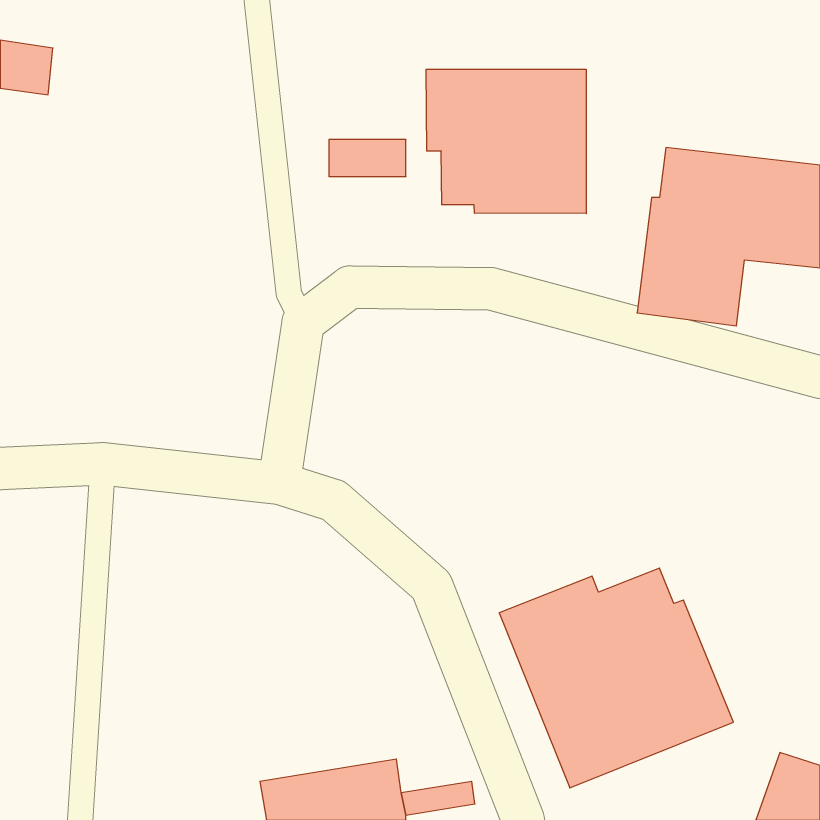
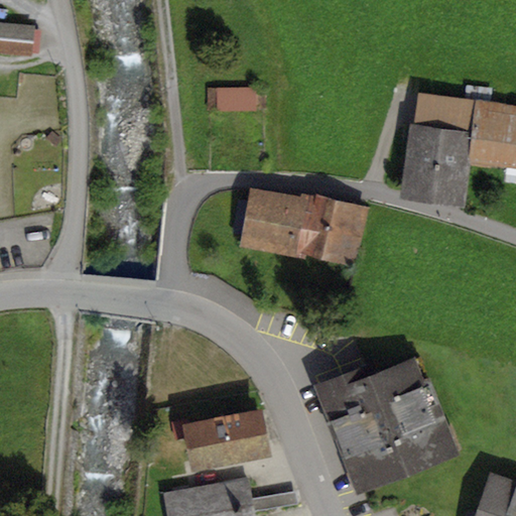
building: [426,69,586,214] -> none
building: none -> [239,188,367,266]
building: none -> [171,409,271,473]

